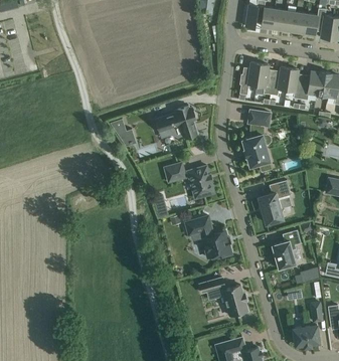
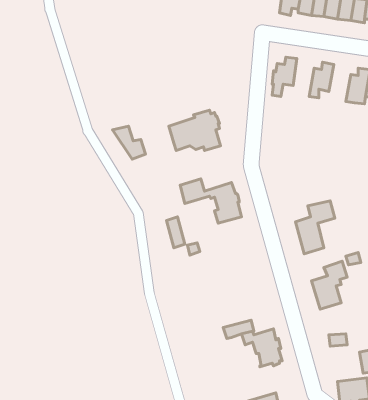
building: [255,63,274,95] -> none
building: [286,68,304,99] -> none
building: [241,110,271,166] -> none
building: [185,215,231,257] -> none

